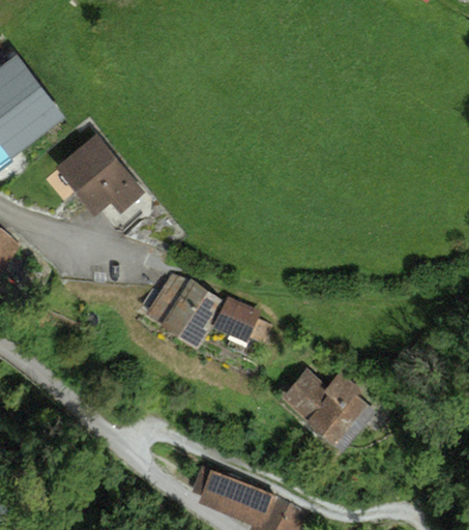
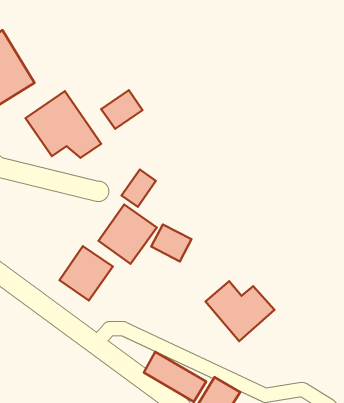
building: none -> [101,90,143,129]
building: none -> [122,169,156,207]
building: none -> [59,246,113,301]

